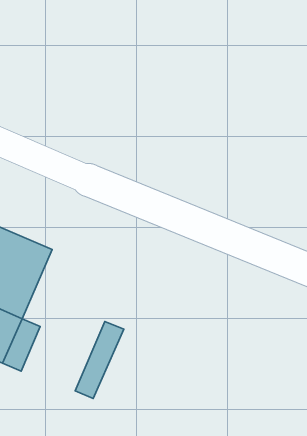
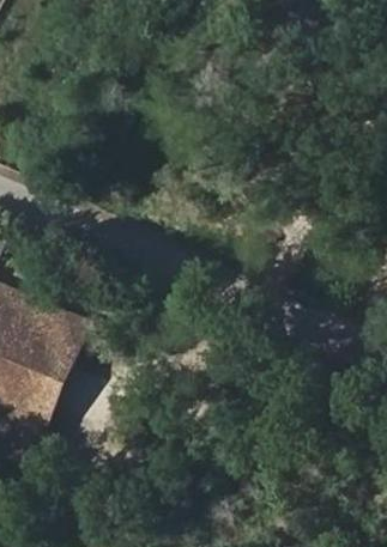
building: [75,321,124,399] -> [34,303,92,396]

